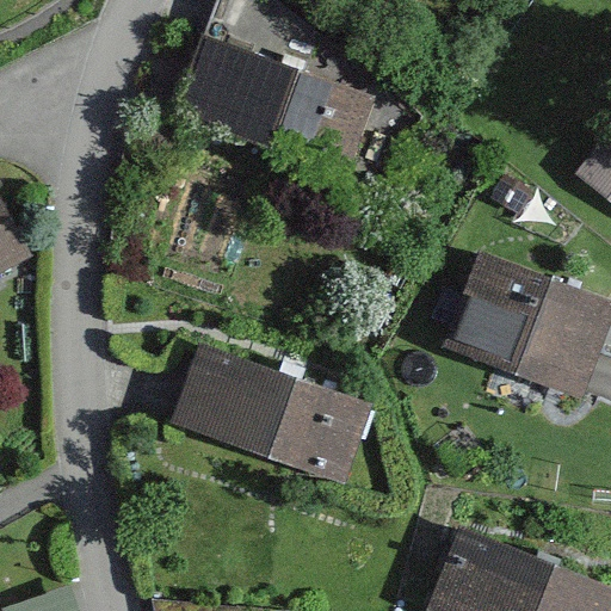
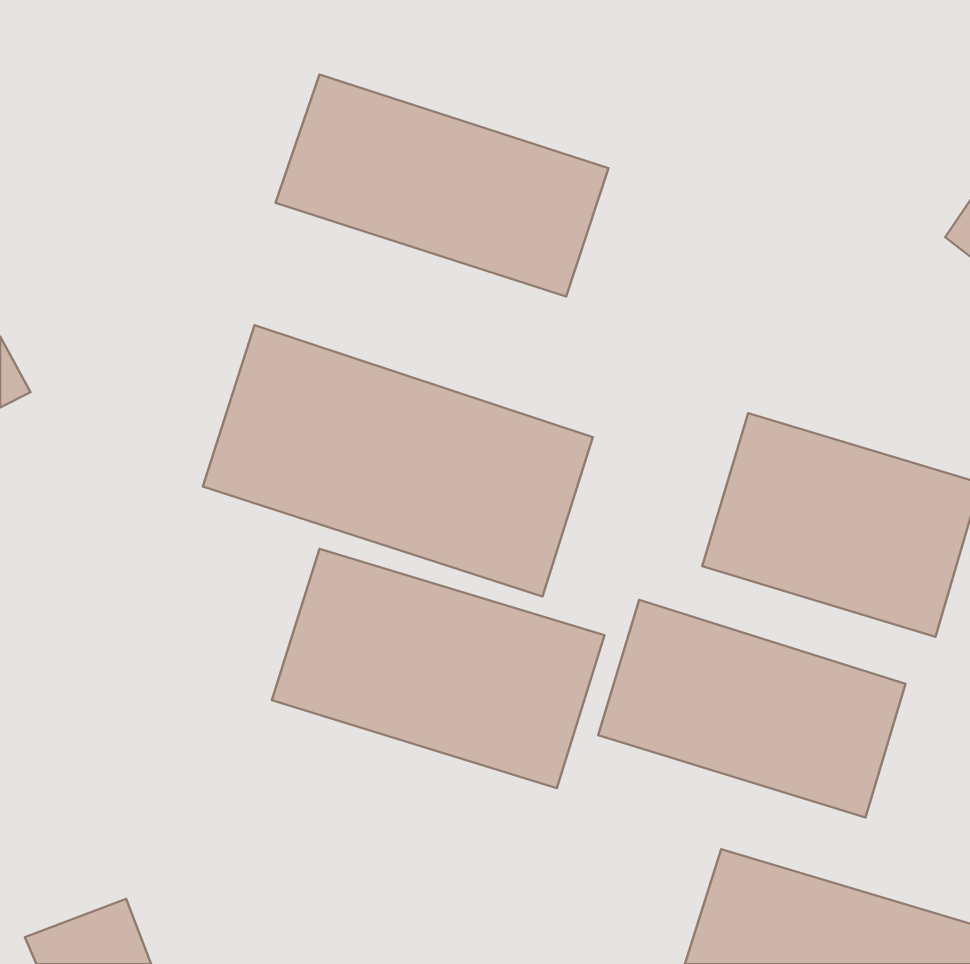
building: none -> [203,325,593,597]
building: none -> [598,600,906,818]

